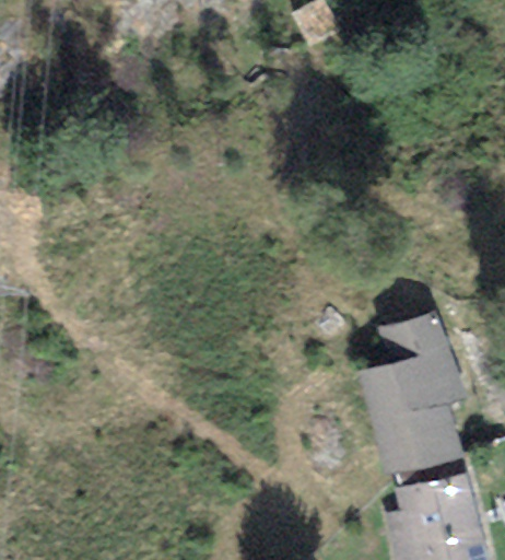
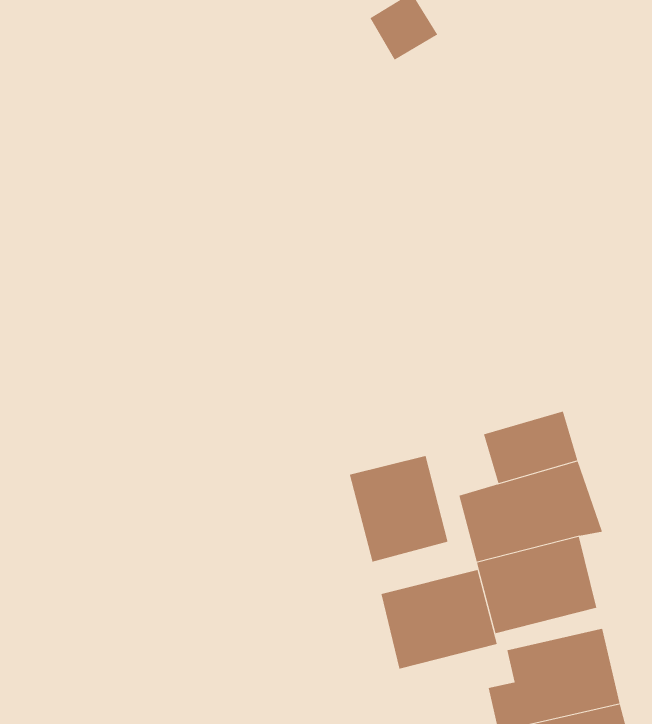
building: none -> [349,455,448,563]
building: none -> [381,569,497,669]

